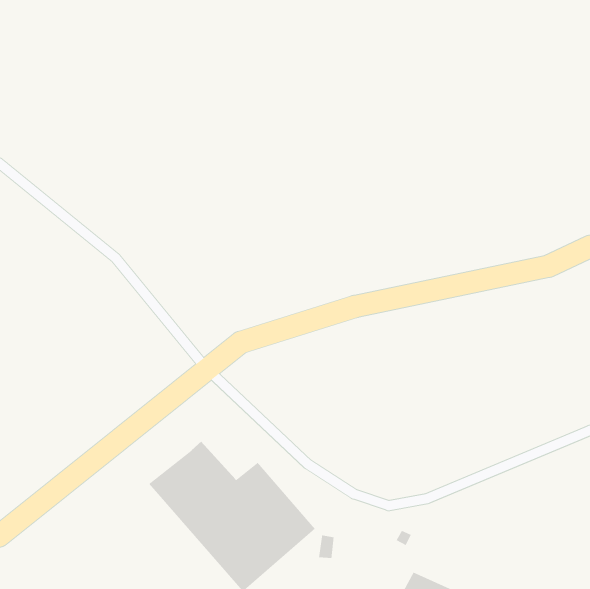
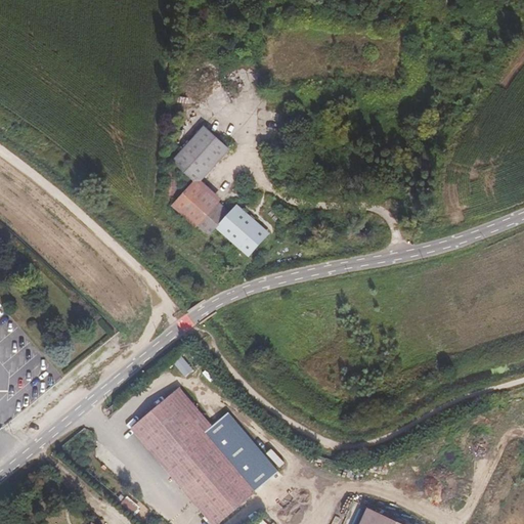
building: none -> [163,125,262,253]

